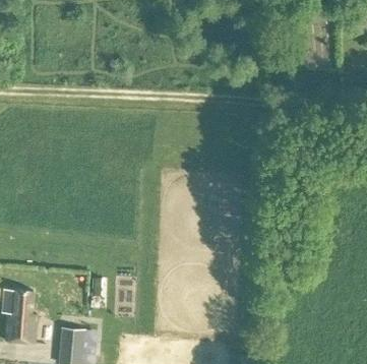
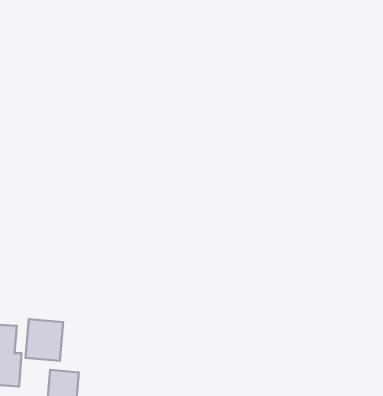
building: none -> [25,319,63,361]

